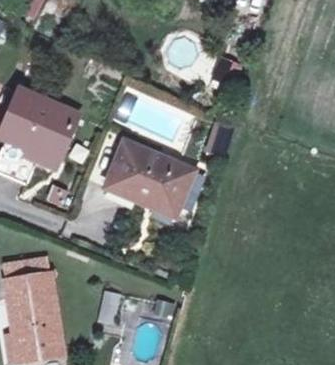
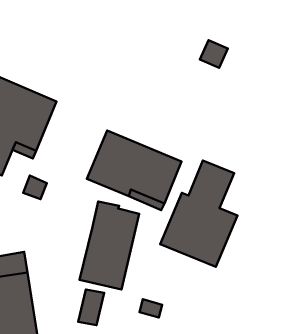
building: none -> [160,160,237,267]
building: none -> [79,201,139,290]

